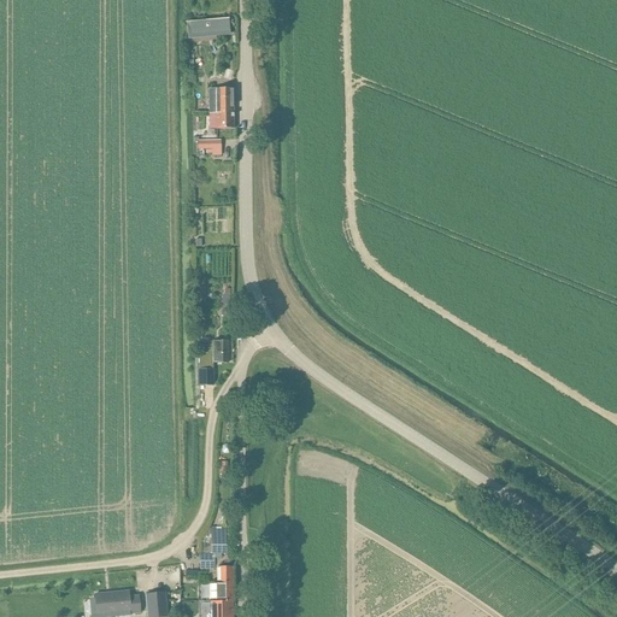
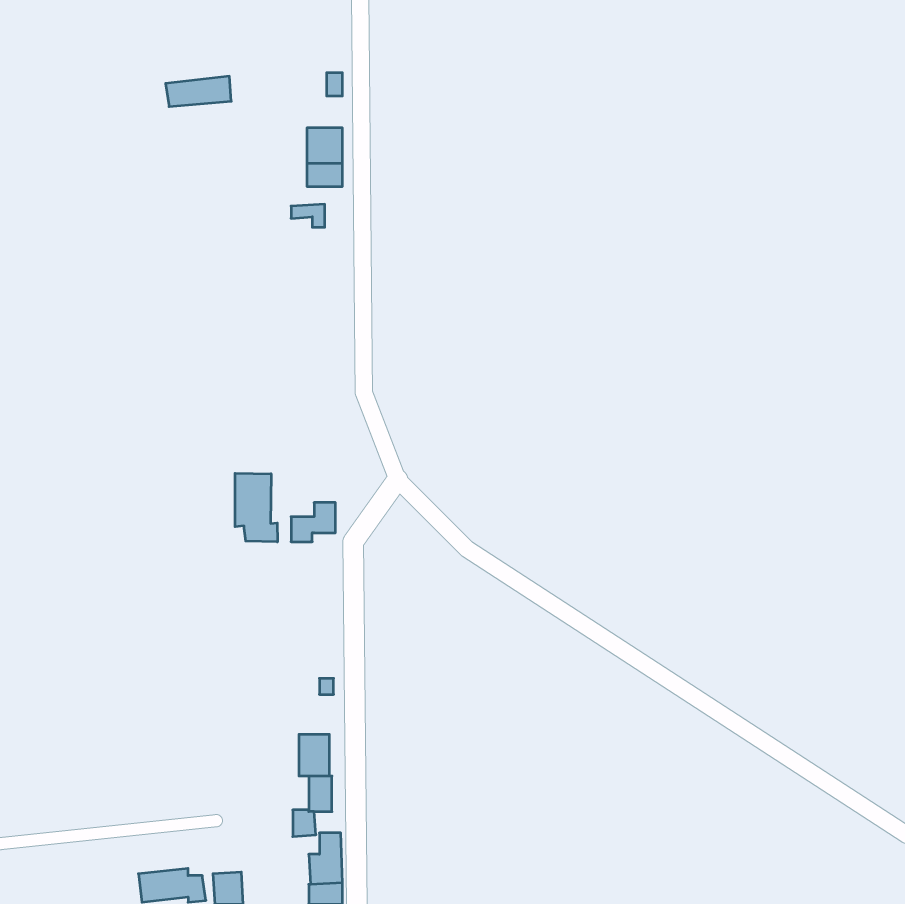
building: [187,18,231,39] -> [166,76,231,107]
building: none -> [235,473,277,542]
building: none -> [299,734,329,776]

